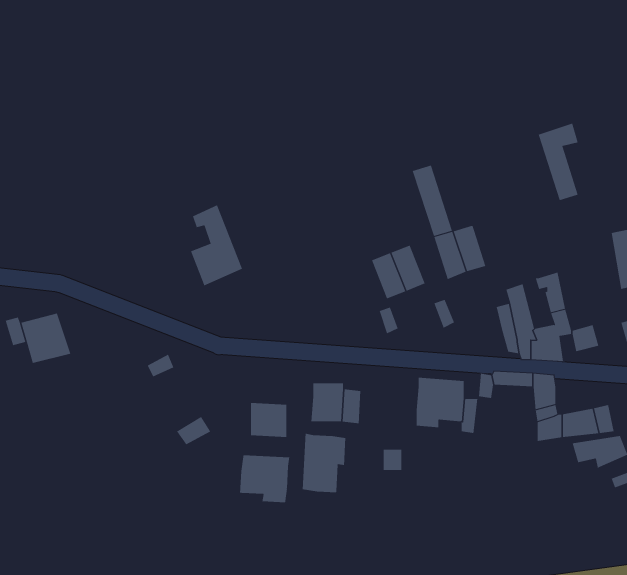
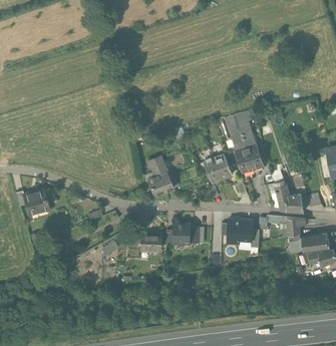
building: [538,123,579,201] -> [235,106,256,146]
building: [190,205,243,286] -> [146,154,174,197]
building: [302,433,346,493] -> none
building: [240,454,290,503] -> none

